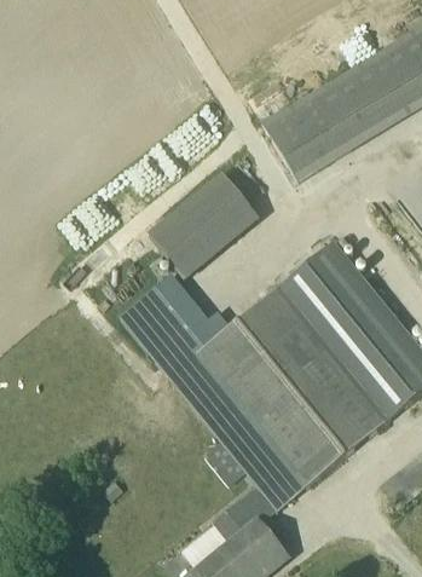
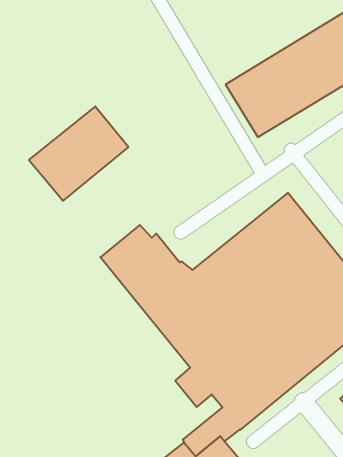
building: [145,169,258,276] -> [29,106,128,201]

